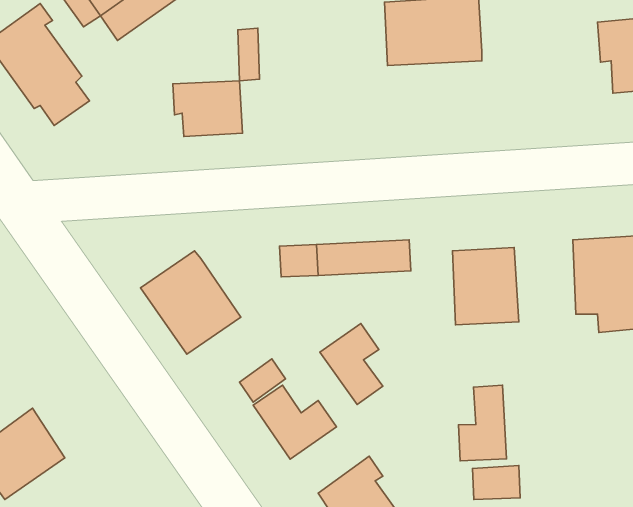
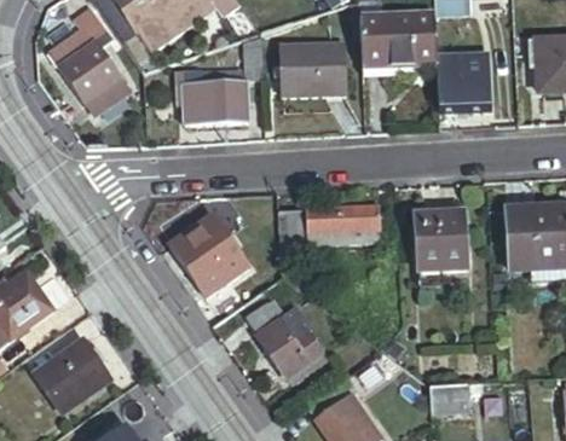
building: none -> [278,48,345,100]
building: none -> [437,56,486,111]
building: [320,323,383,405] -> none
building: [459,385,506,461] -> none

